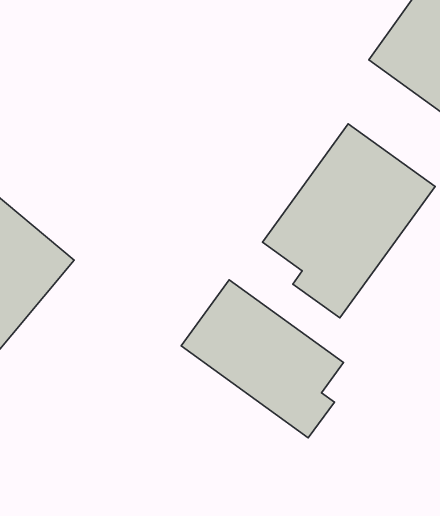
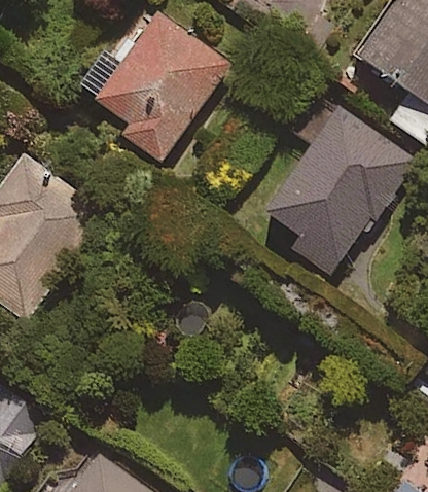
building: none -> [81,12,227,160]
building: [181,280,344,438] -> none

